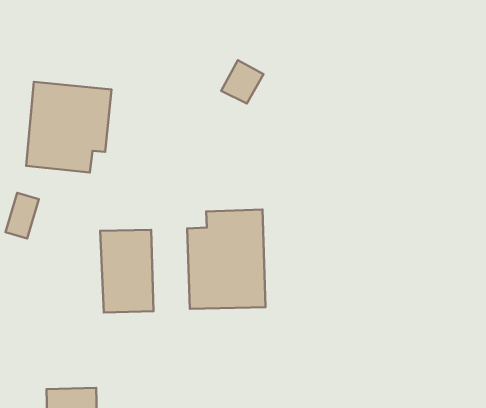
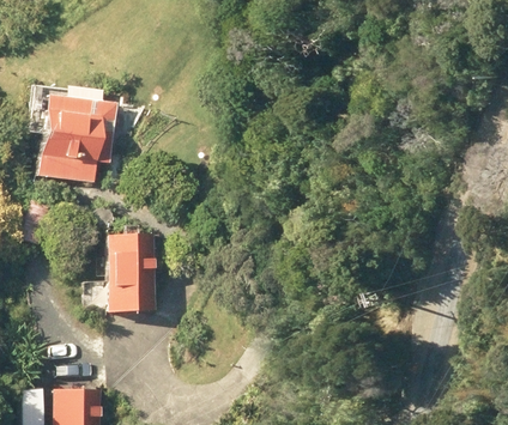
building: [187,209,265,309] -> none

